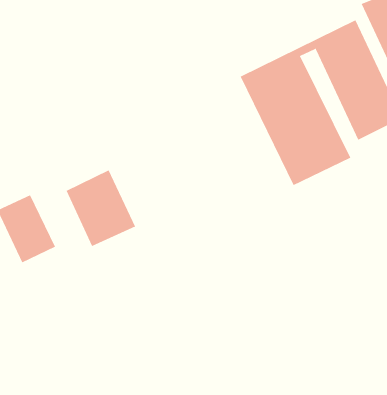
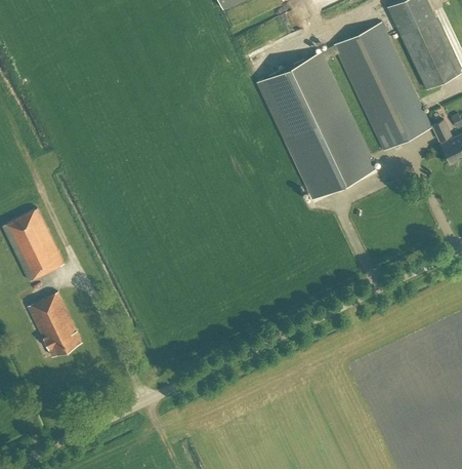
building: [66,170,136,247] -> none
building: none -> [27,292,81,357]

